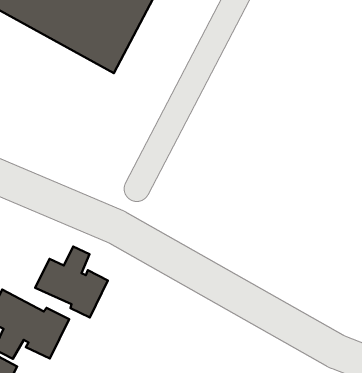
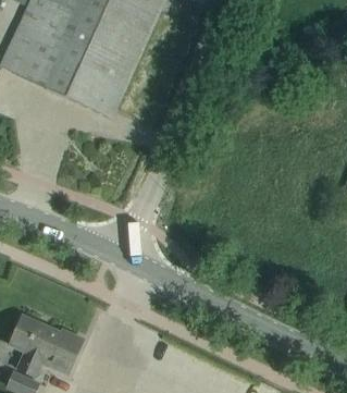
building: [35,247,108,318] -> none

